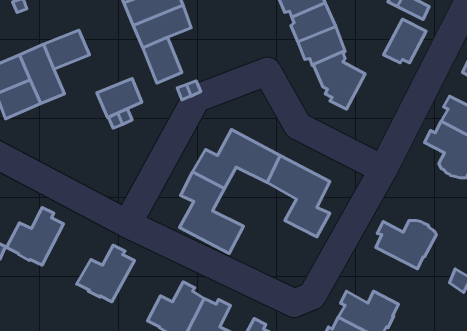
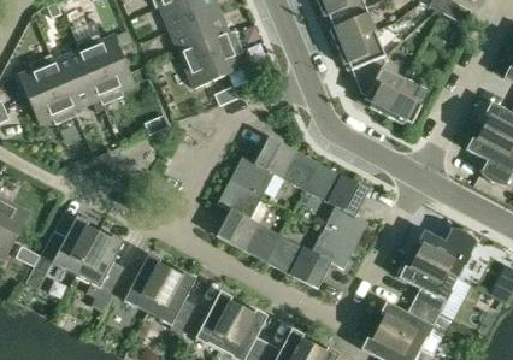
building: [383,19,426,63] -> [385,78,429,123]
building: none -> [204,31,243,77]
building: [97,79,142,118] -> [88,59,134,99]
building: none -> [266,228,355,288]
building: none -> [76,231,125,293]
building: none -> [399,255,458,313]
building: none -> [147,268,196,330]

